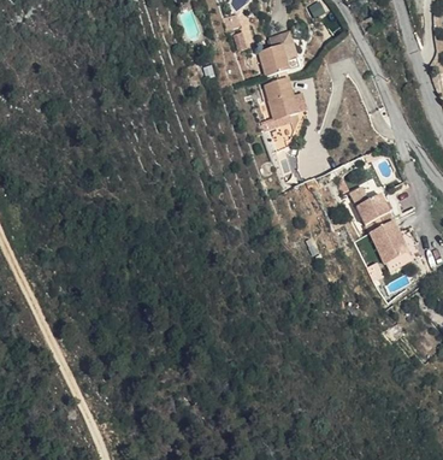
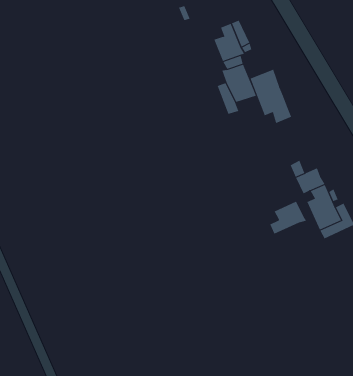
building: none -> [250,69,292,124]
building: none -> [270,201,306,234]

